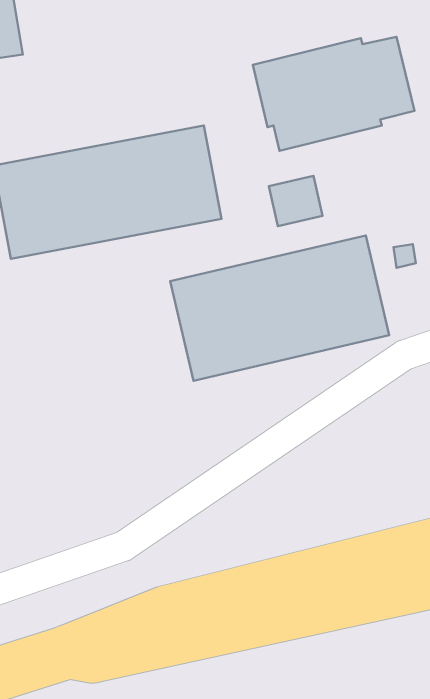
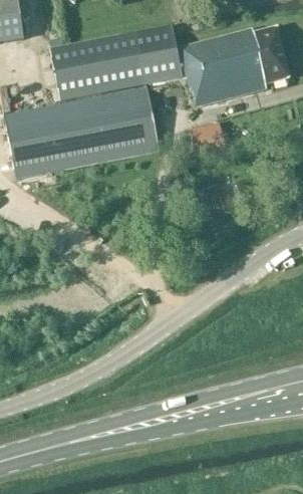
building: none -> [50,24,182,99]
building: [170,235,389,381] -> none

